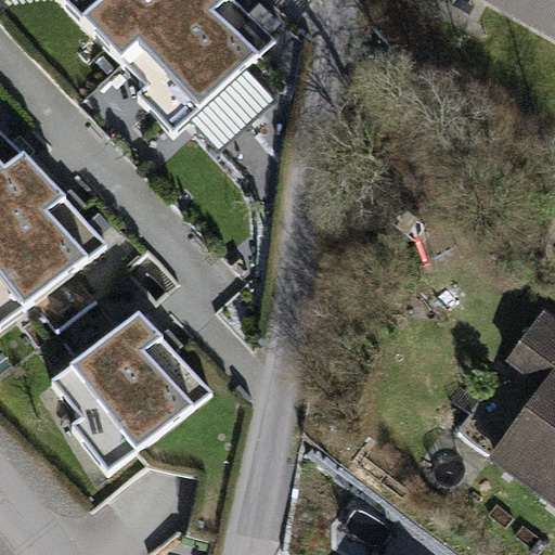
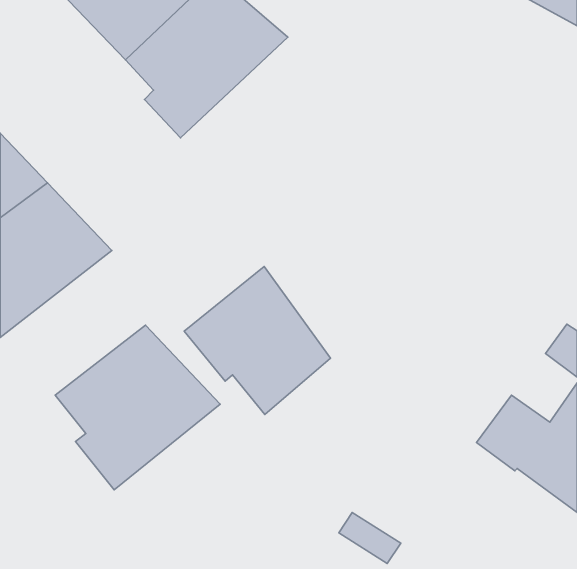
building: none -> [184,267,330,414]

